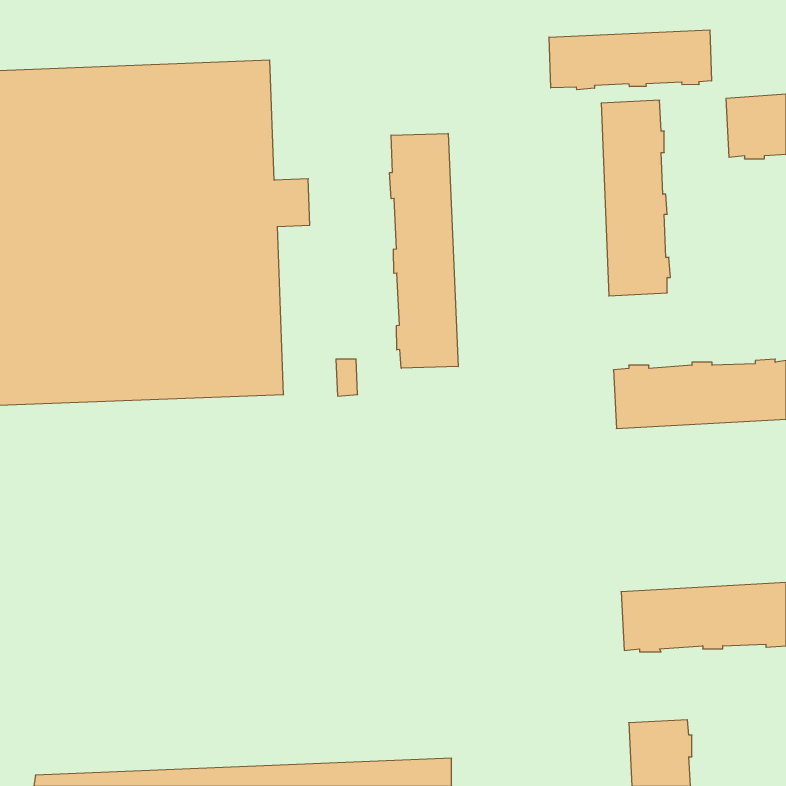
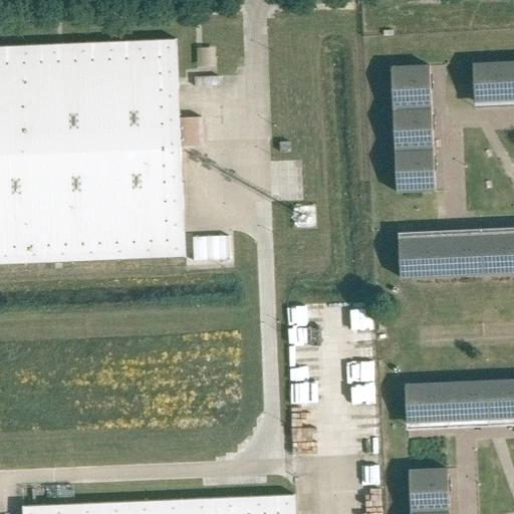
building: [549,30,712,90] -> none
building: [389,133,458,368] -> none

